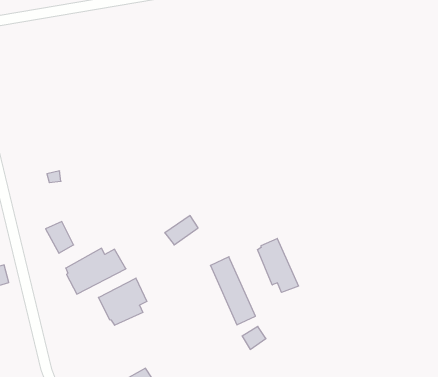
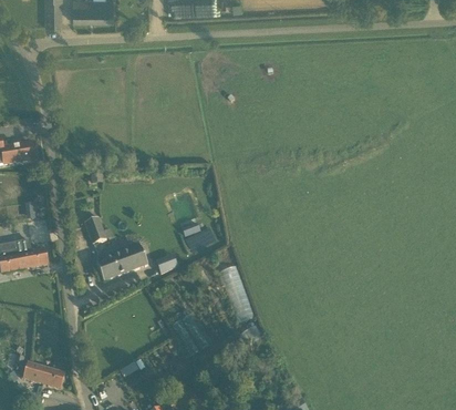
building: [258,238,298,292] -> none
building: [98,278,147,325] -> none

